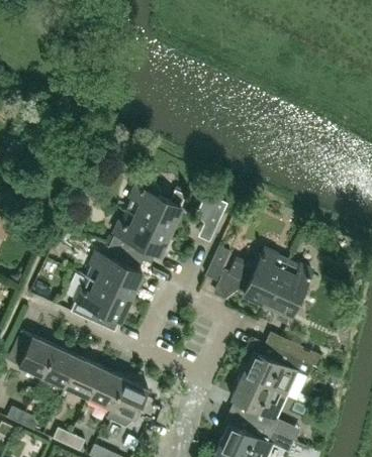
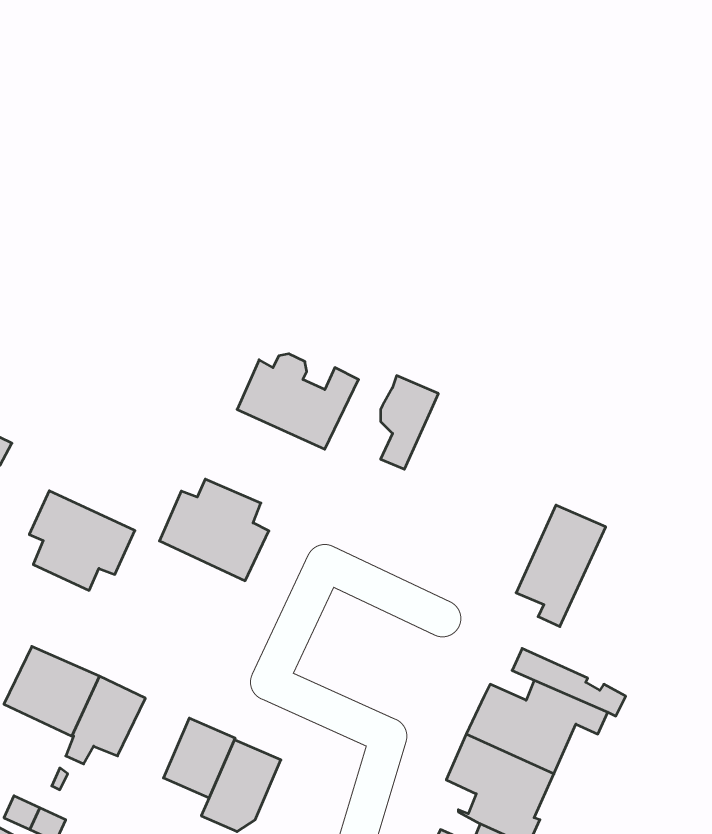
building: [109,212,170,259] -> none
building: [205,247,287,305] -> none
building: [76,278,129,329] -> [29,491,135,590]
building: [65,358,101,398] -> none

